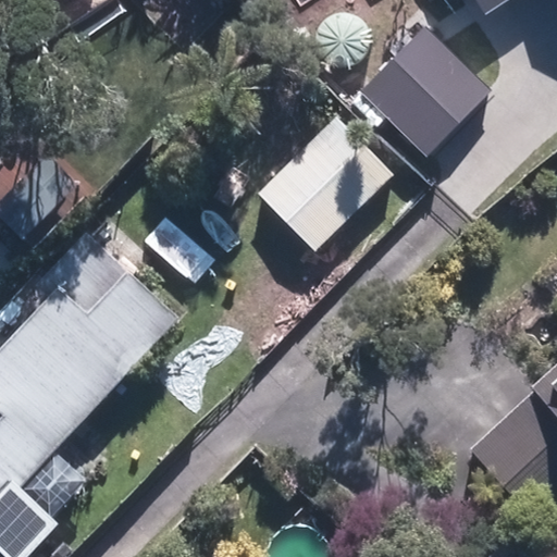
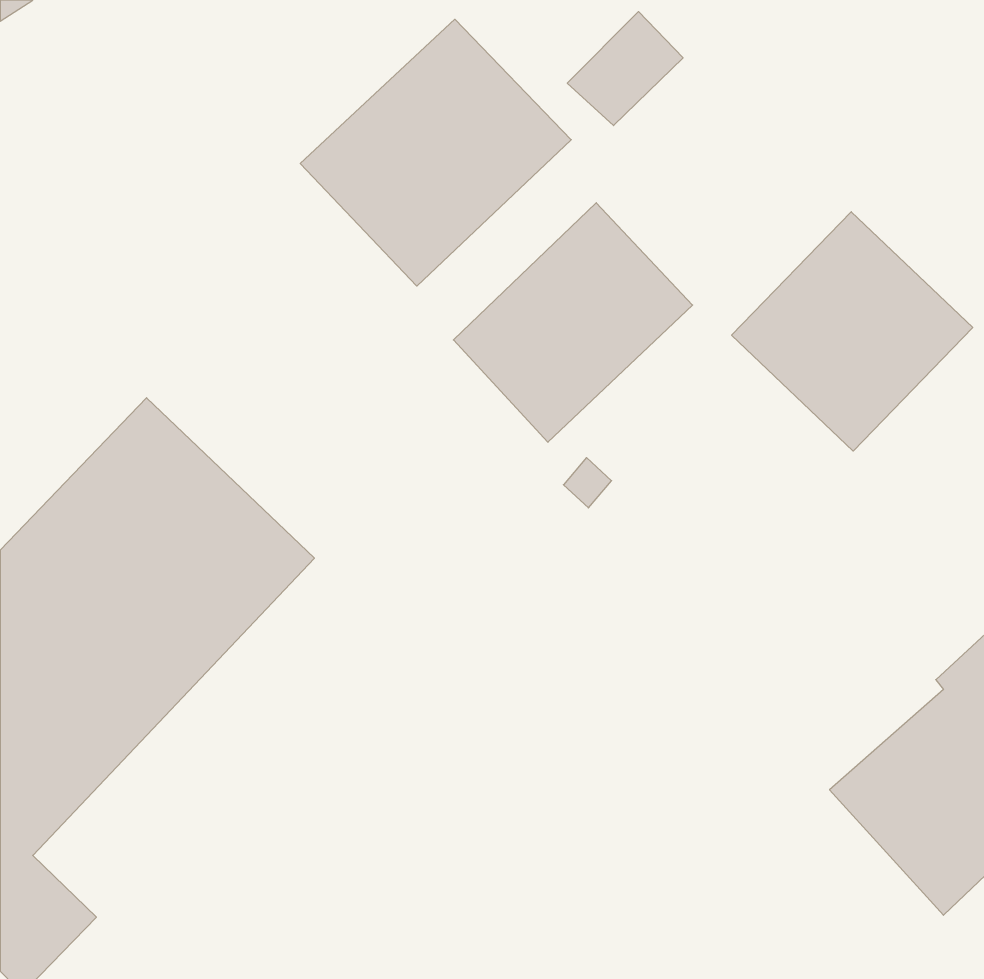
building: none -> [300,19,571,286]
building: [358,24,494,159] -> [732,212,973,451]

